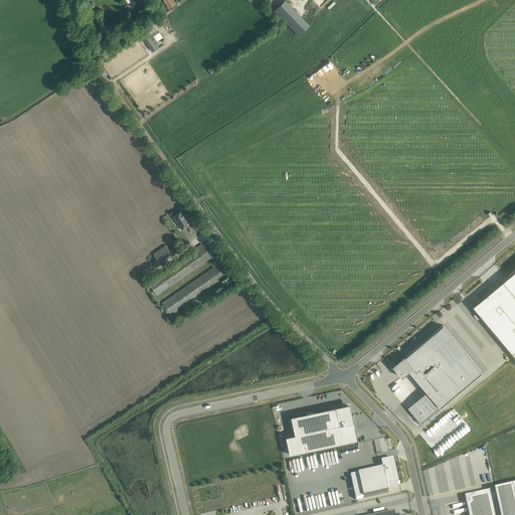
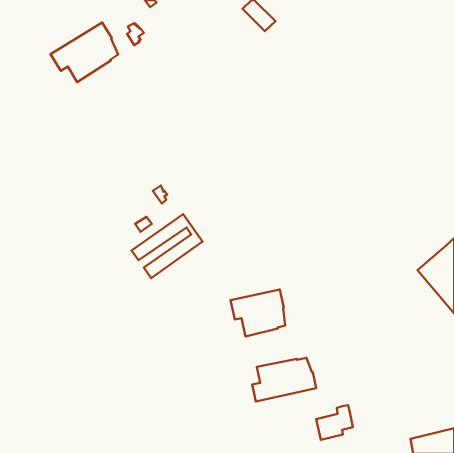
building: none -> [51,23,118,82]
building: [392,326,482,423] -> none
building: none -> [231,289,285,337]

